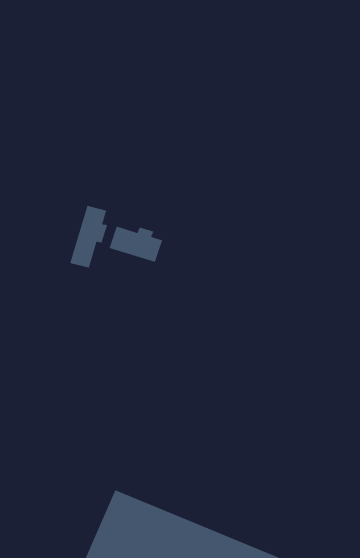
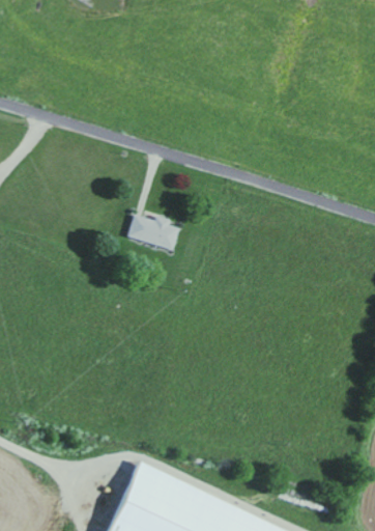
building: [69,205,108,269] -> none

